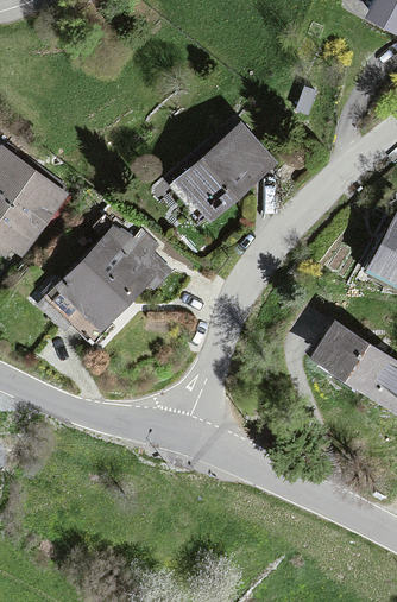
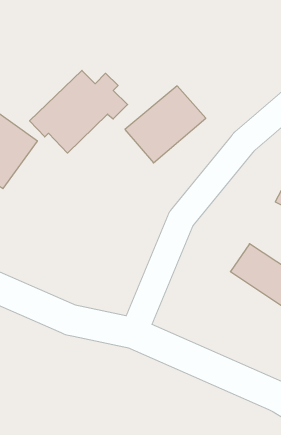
building: [50,227,172,330] -> [30,70,128,153]

